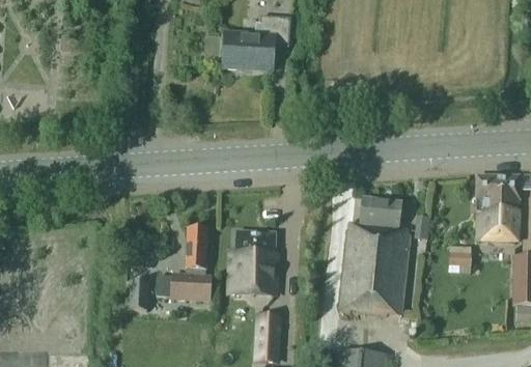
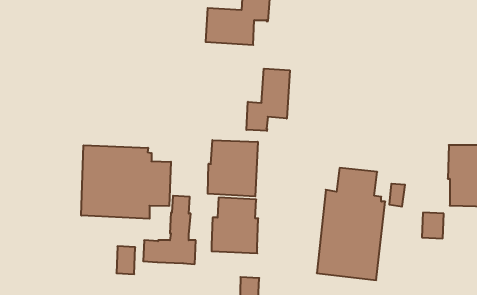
building: none -> [246,69,290,131]
building: none -> [208,140,258,196]
building: none -> [81,145,171,219]

